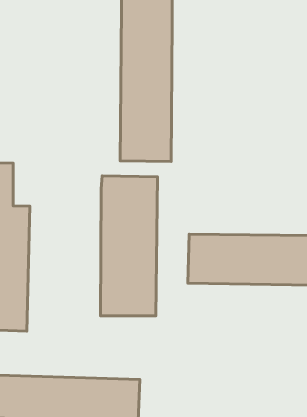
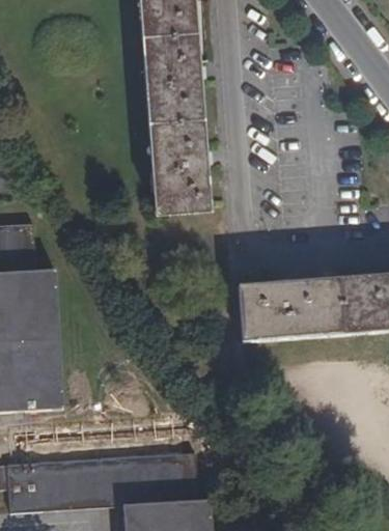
building: [100,176,158,316] -> none

